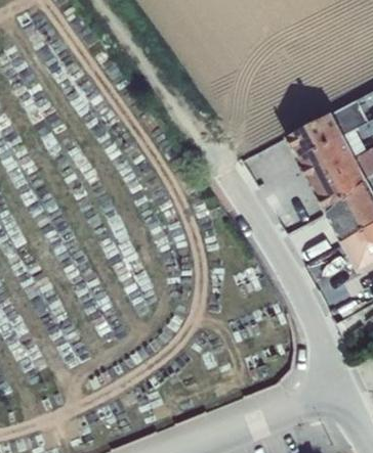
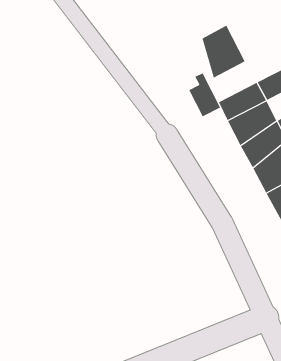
building: none -> [202,25,246,78]
building: none -> [188,73,221,117]

